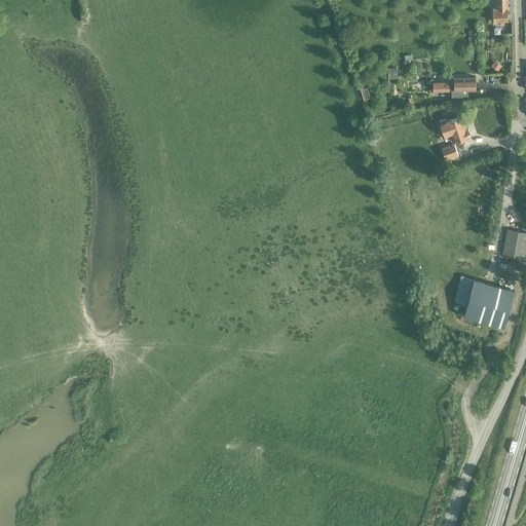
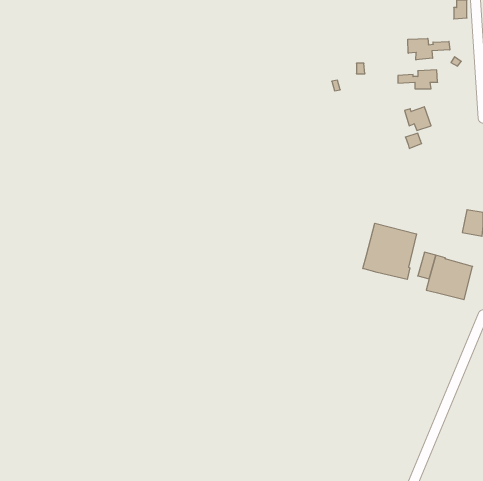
building: none -> [408,38,450,60]
building: none -> [363,223,417,279]

